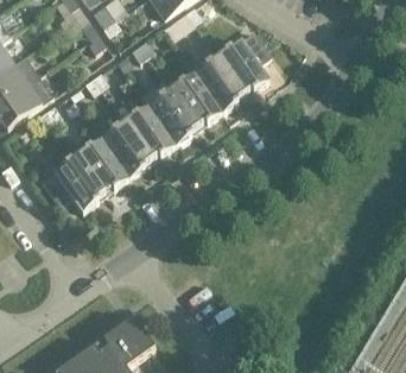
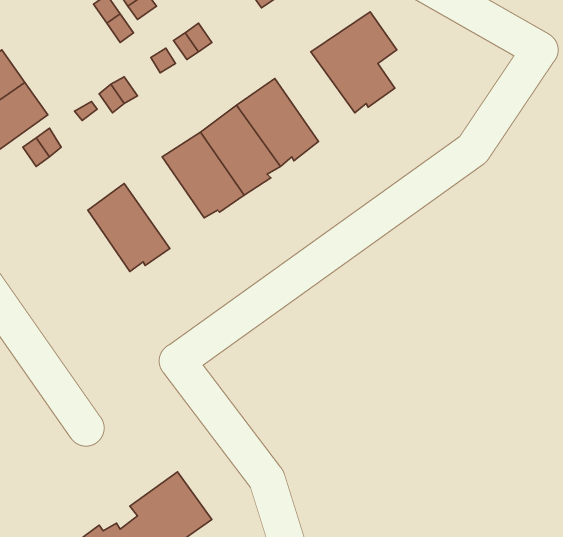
building: [192,55,242,110] -> none
building: [99,120,148,177] -> none
building: [40,153,102,210] -> none

